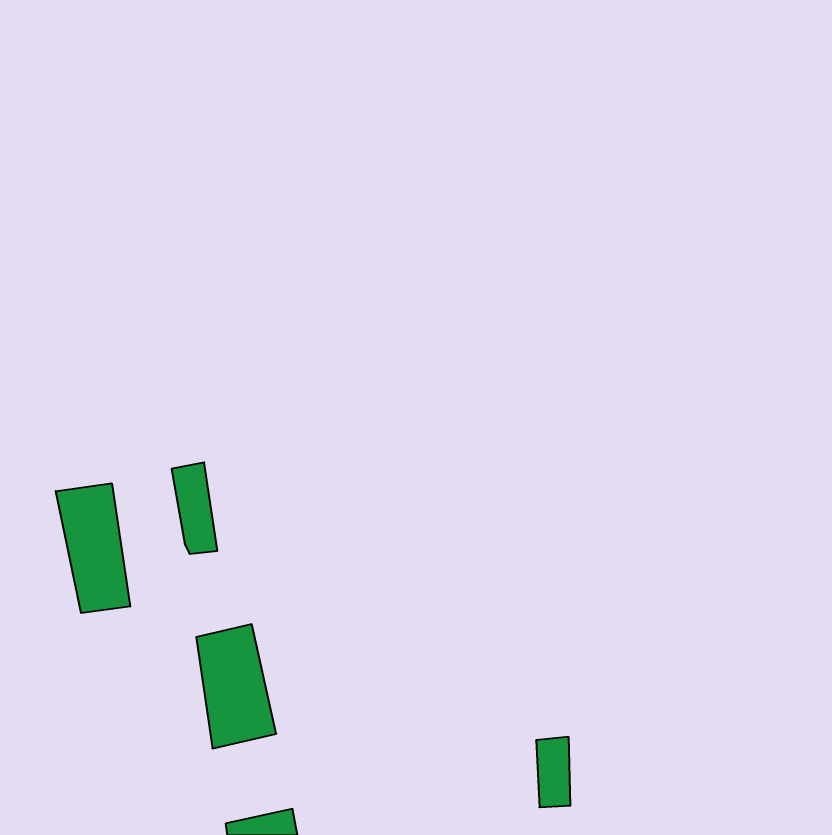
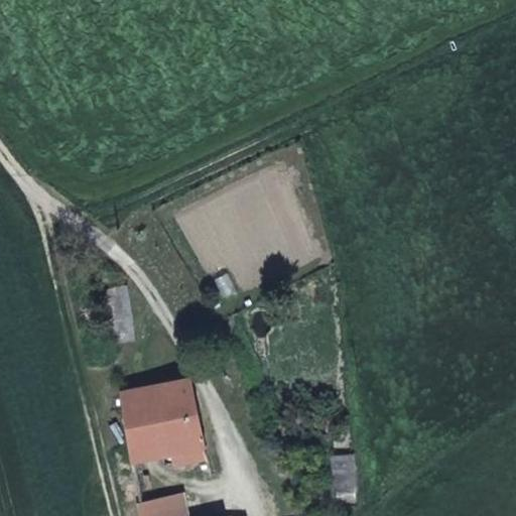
building: [56,483,130,613] -> none
building: none -> [155,379,206,460]

